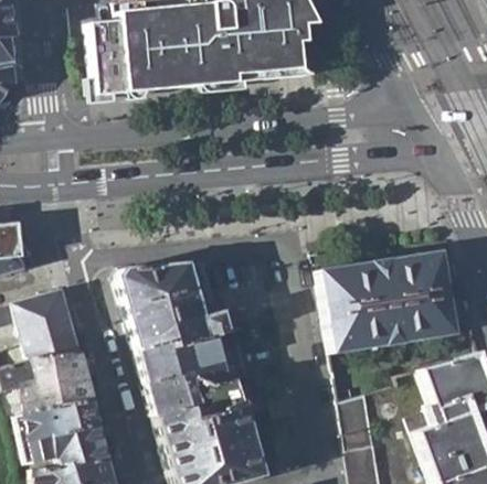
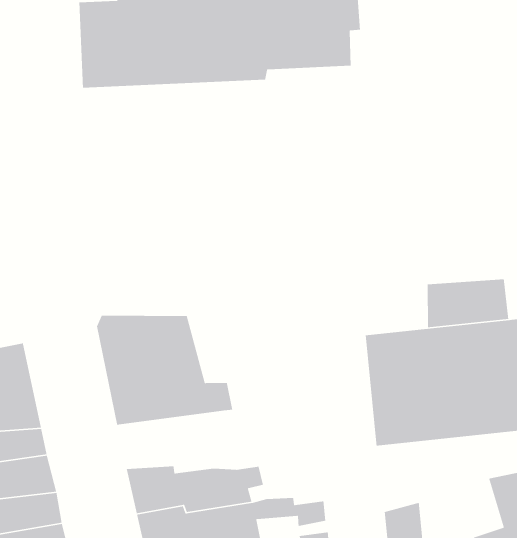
building: none -> [427,278,509,328]
building: [136,329,248,381] -> none

